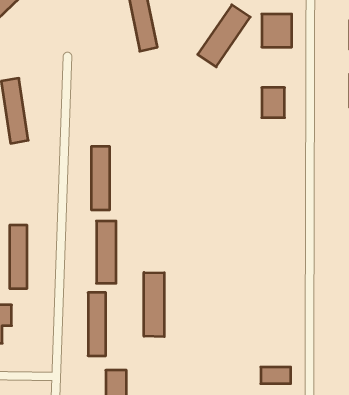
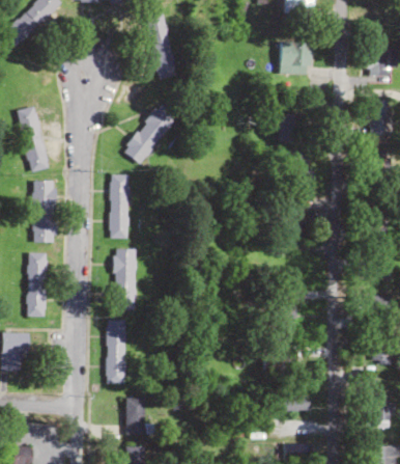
building: [198,5,250,67] -> [124,102,177,164]
building: none -> [34,181,57,243]
building: [144,272,164,337] -> none

